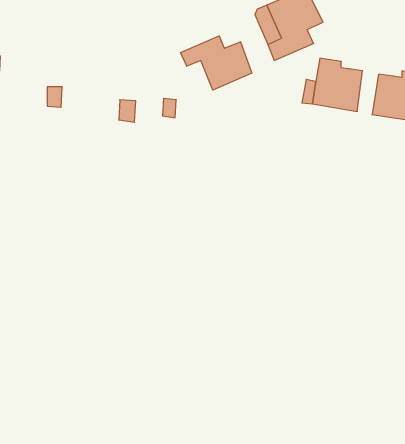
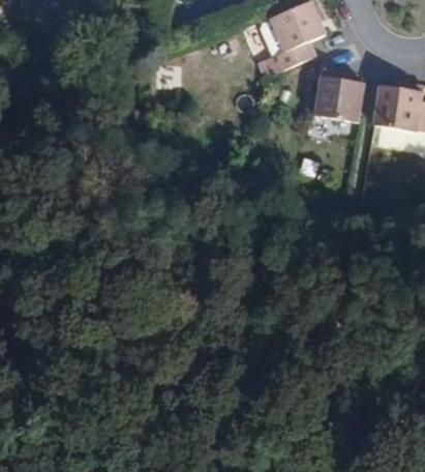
building: [180,36,252,90] -> none

